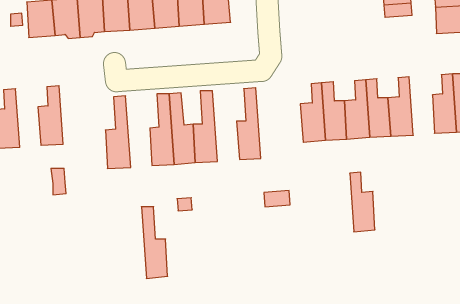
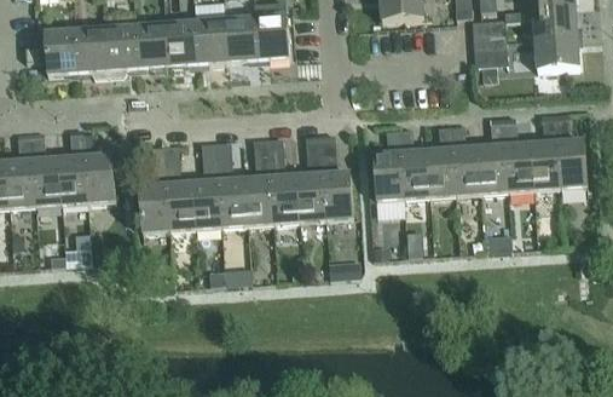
building: none -> [474,47,508,81]
building: none -> [83,131,121,202]
building: none -> [319,133,353,219]
building: none -> [31,134,62,206]
building: none -> [267,137,300,223]
building: [350,172,375,232] -> [503,120,533,191]
building: [141,207,168,278] -> [163,144,195,230]

